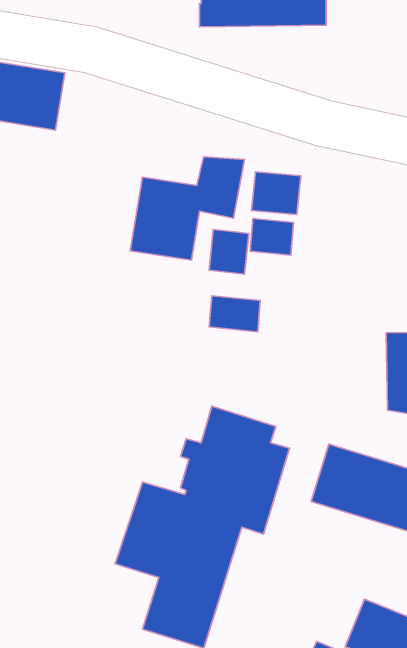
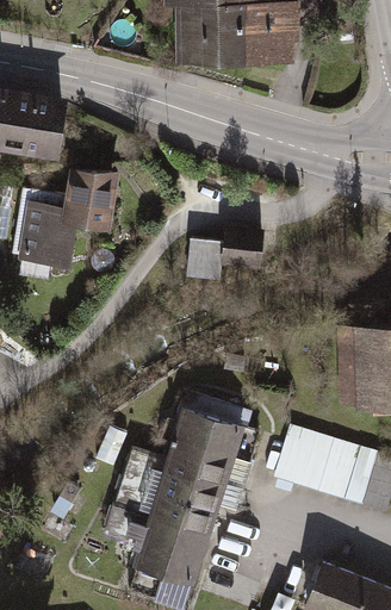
building: [130,157,244,260] -> [11,172,111,262]
building: [252,172,301,215] -> none
building: [209,296,260,332] -> none

